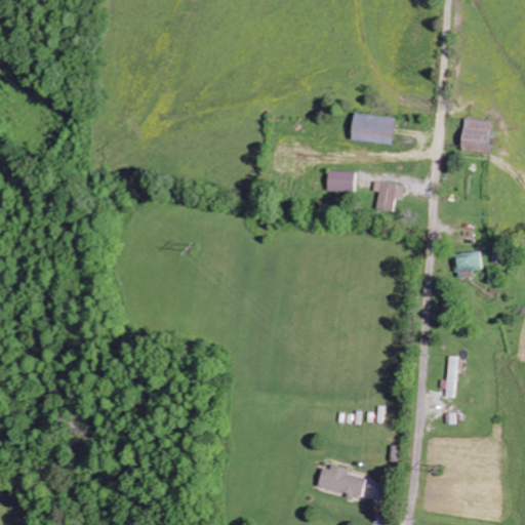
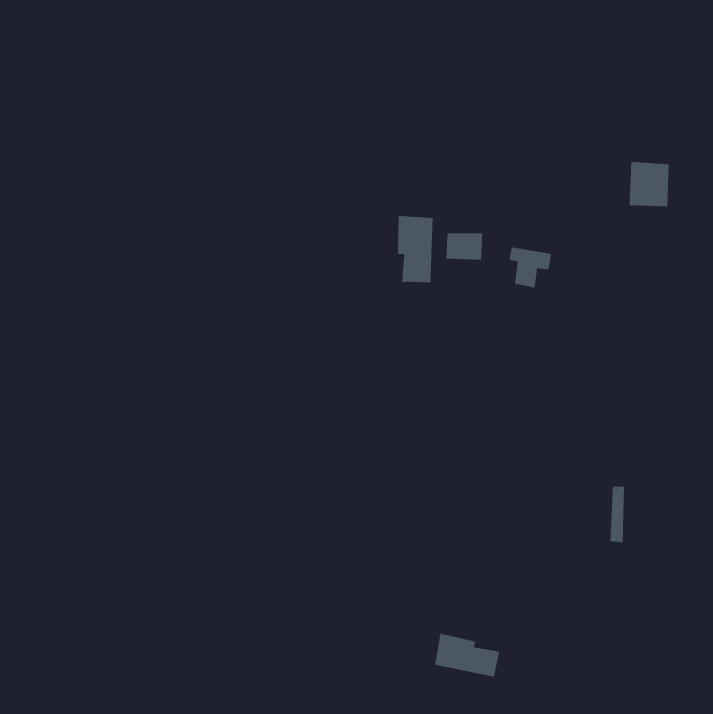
building: [349,112,394,145] -> none
building: none -> [397,215,434,283]
building: [454,252,480,277] -> none

